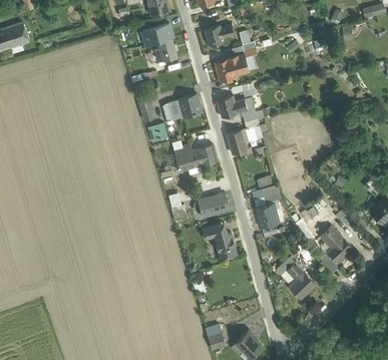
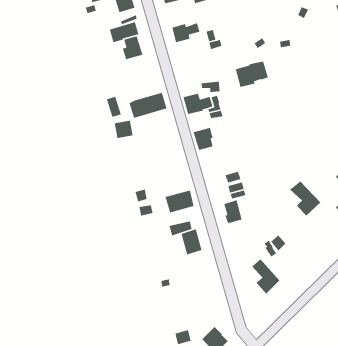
building: [214,54,248,81] -> [235,61,269,88]
building: [173,144,217,171] -> none
building: [320,227,352,263] -> [289,181,321,216]

